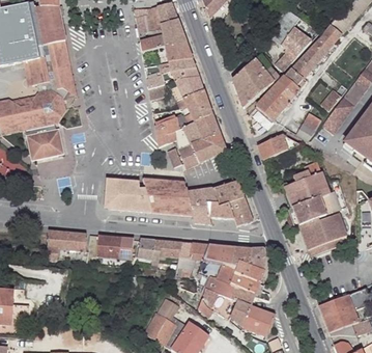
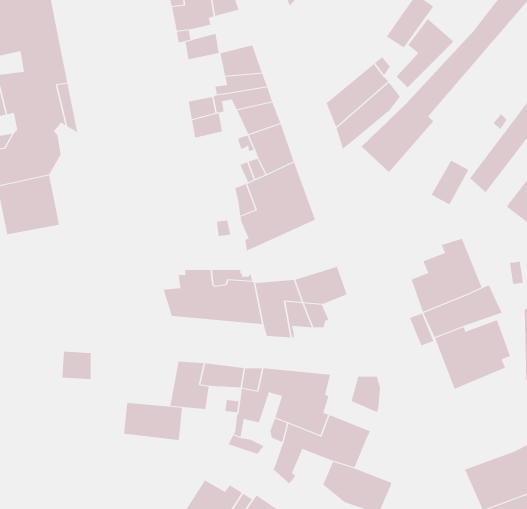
building: [163,19,187,46] -> none
building: [155,118,177,146] -> none
building: [257,133,299,158] -> none
building: [106,179,141,210] -> none
building: [230,196,255,224] -> none
building: [48,229,68,257] -> none
building: [96,234,134,257] -> [123,402,183,441]
building: [231,246,264,281] -> none

